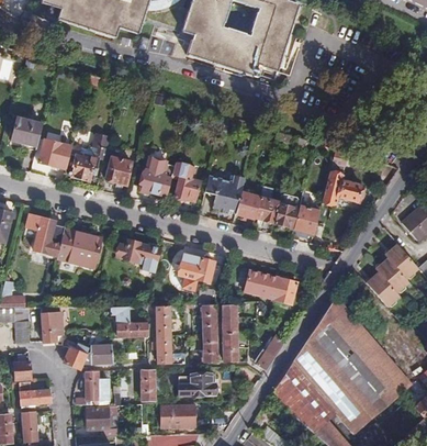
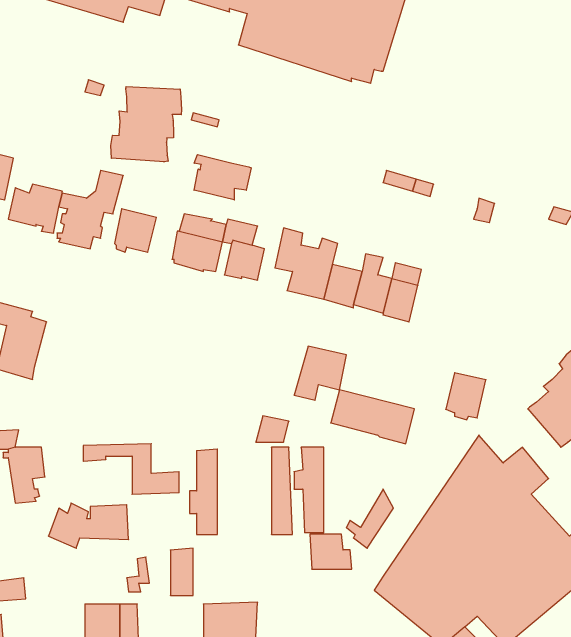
building: none -> [111,87,182,162]
building: none -> [194,155,251,200]
building: [322,171,366,204] -> none
building: [294,207,319,236] -> [446,373,486,420]
building: [55,227,100,267] -> none
building: [114,238,160,274] -> none
building: [179,256,212,290] -> [294,346,346,400]
building: [76,370,108,405] -> none
building: [188,373,214,395] -> [310,534,352,569]

